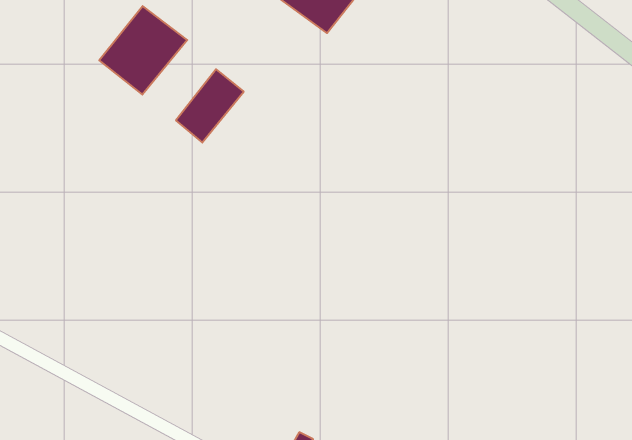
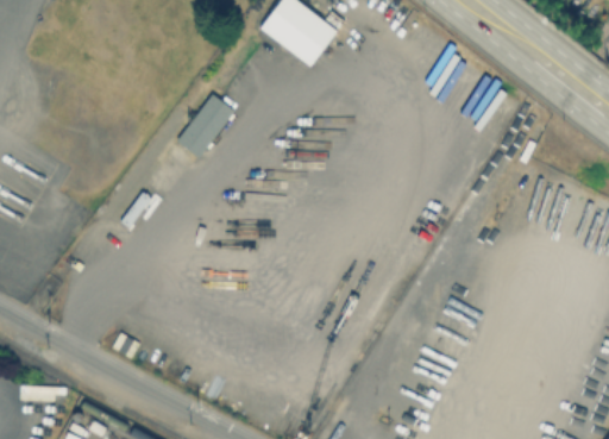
building: [99,6,187,95] -> none

